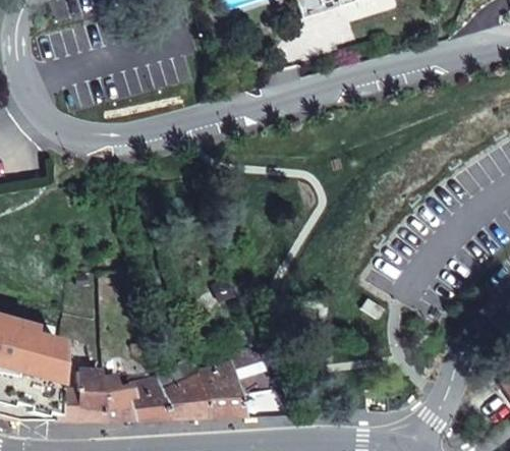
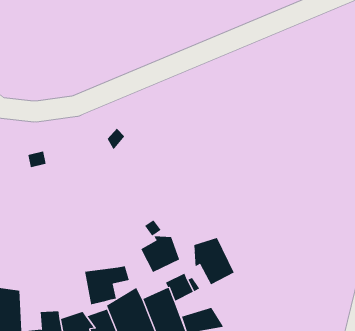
building: none -> [141,235,180,273]
building: none -> [194,237,235,285]
building: none -> [84,266,129,305]

